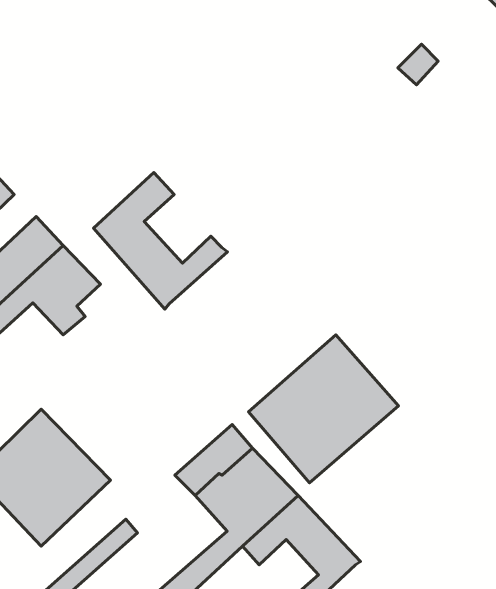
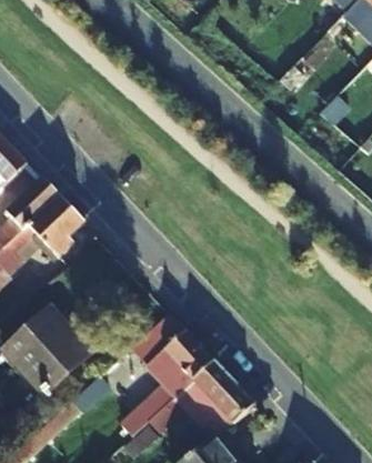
building: [94,173,227,309] -> none
building: [249,335,399,483] -> none

